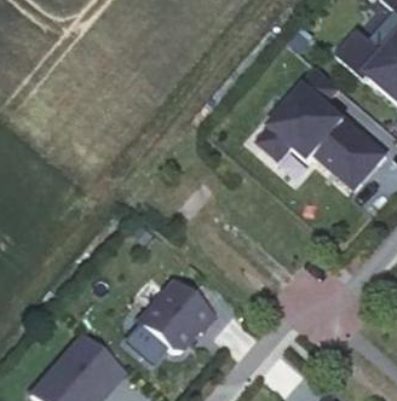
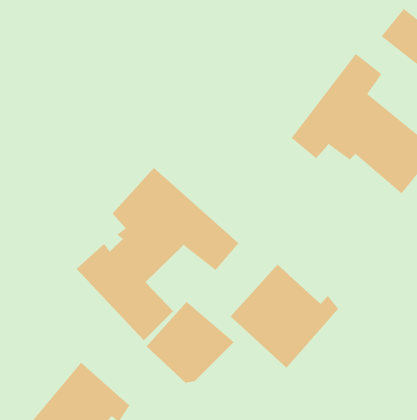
building: none -> [76,167,239,341]
building: none -> [230,264,339,369]

